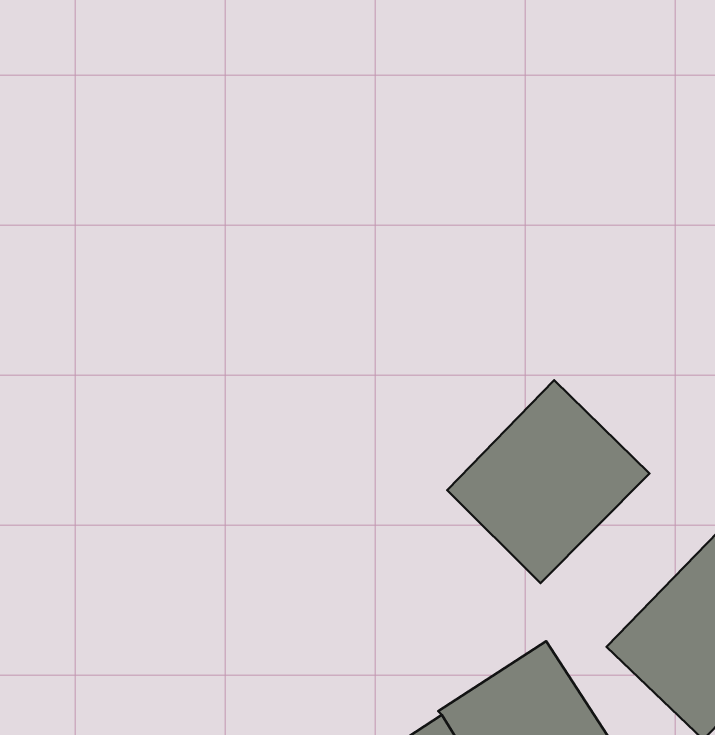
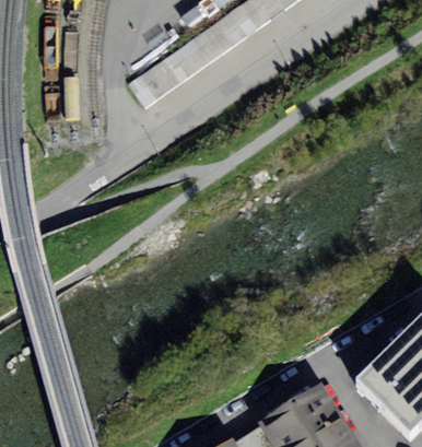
building: [447,380,649,583] -> none

